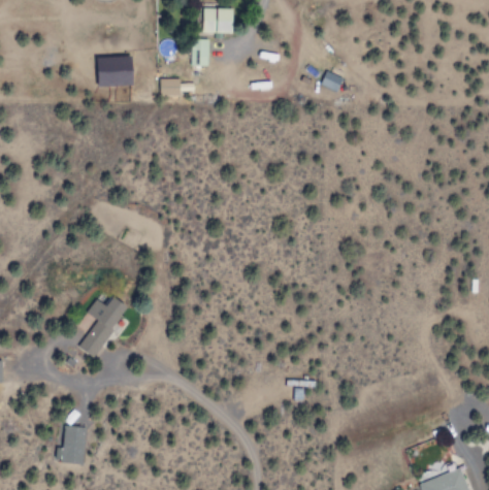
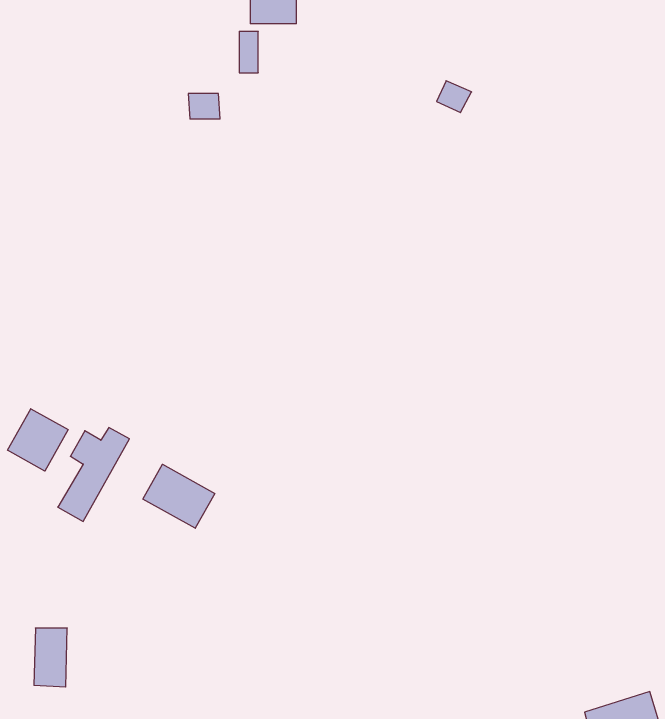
building: [101,57,136,86] -> none
building: none -> [8,409,68,471]
building: none -> [143,464,215,528]

